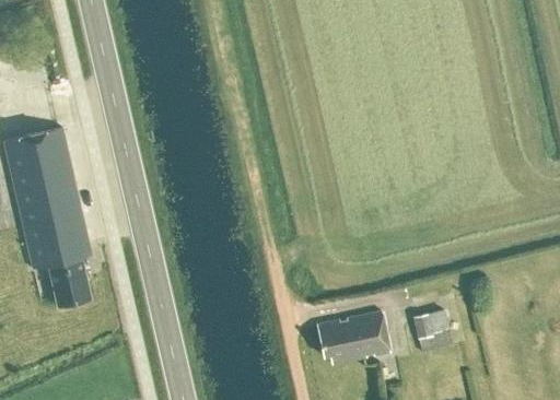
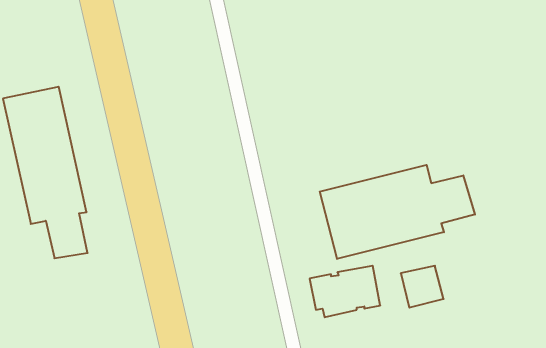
building: none -> [320,165,475,259]

